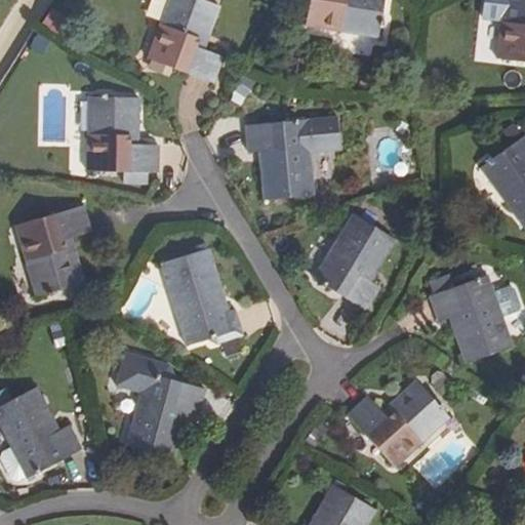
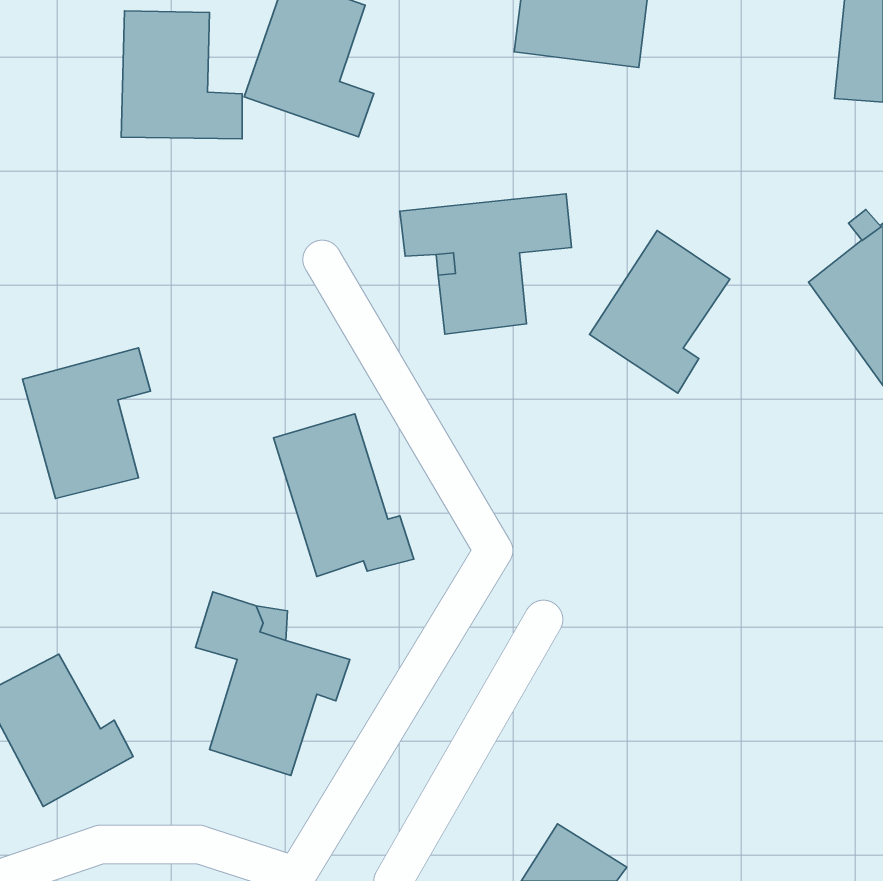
building: [87,95,159,171] -> [121,11,242,139]
building: [311,216,394,313] -> [590,231,730,393]
building: [428,276,514,362] -> none
building: [351,377,453,462] -> none

